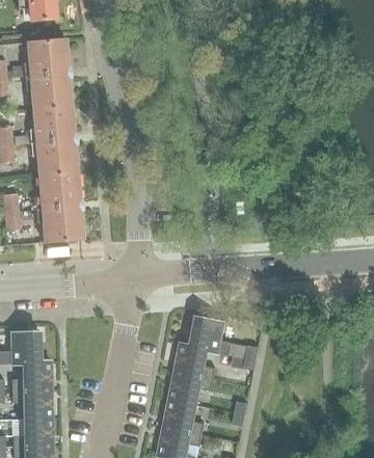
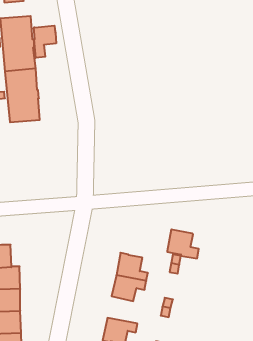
building: none -> [34,26,56,58]
building: [38,171,83,242] -> none
building: [191,317,232,354] -> [167,229,199,258]
building: [164,399,205,434] -> none

